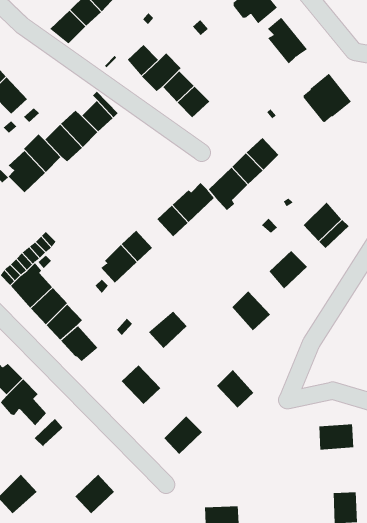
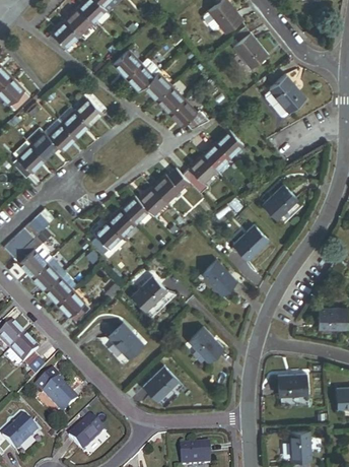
building: none -> [169,99,209,130]
building: none -> [122,197,149,224]
building: none -> [44,380,77,414]

